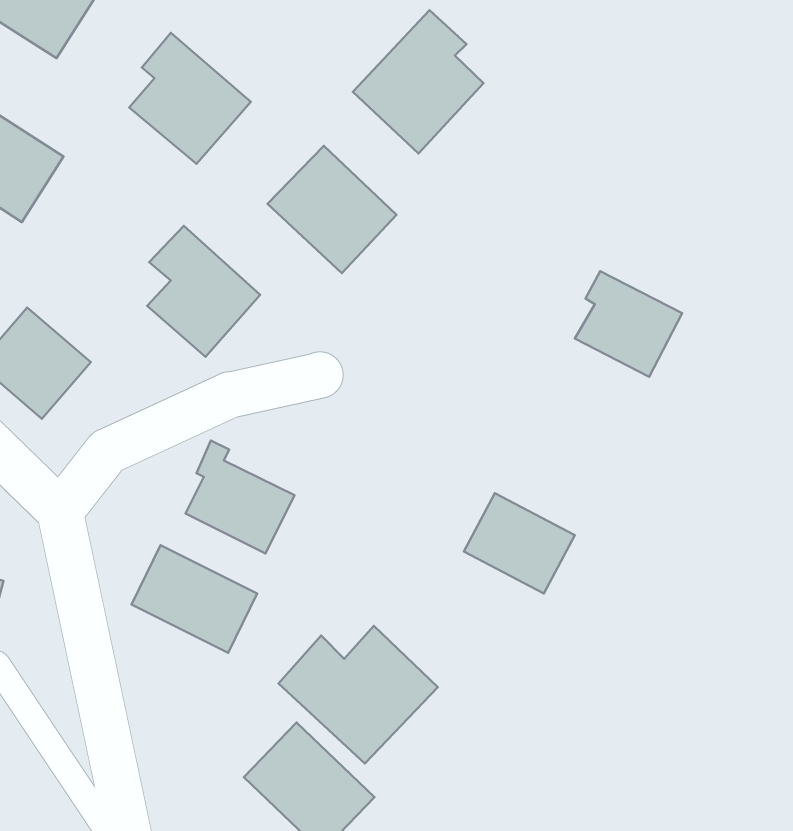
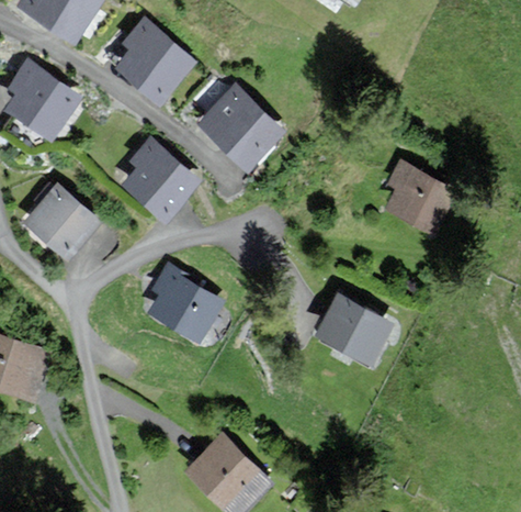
building: [353,10,484,154] -> none
building: [132,545,257,653] -> none
building: [279,626,438,764] -> none

